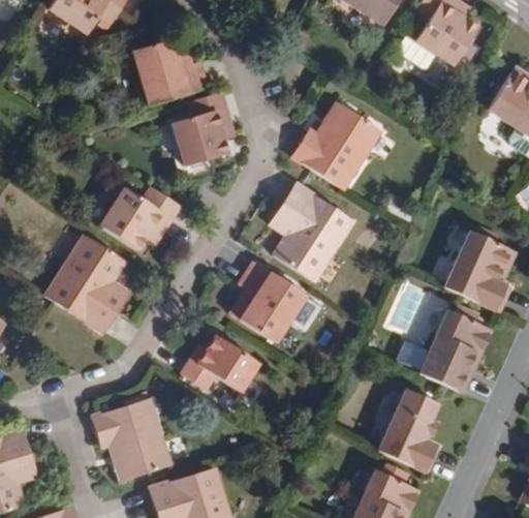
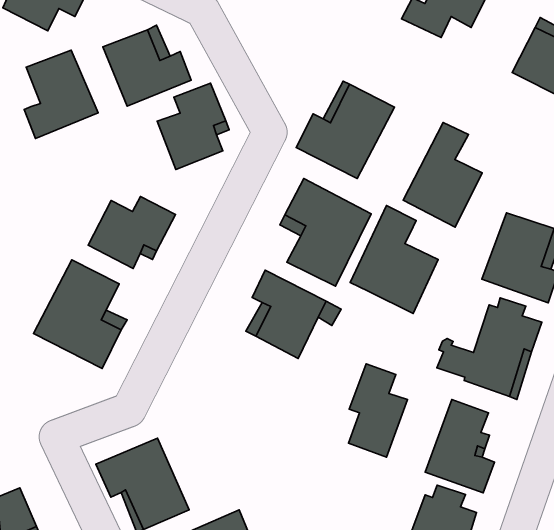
building: none -> [24,50,98,139]
building: none -> [403,122,482,227]
building: none -> [350,205,438,314]
building: [183,335,257,391] -> none
building: none -> [349,364,407,457]

